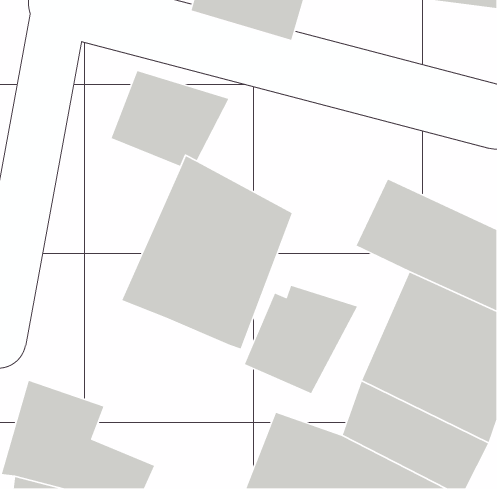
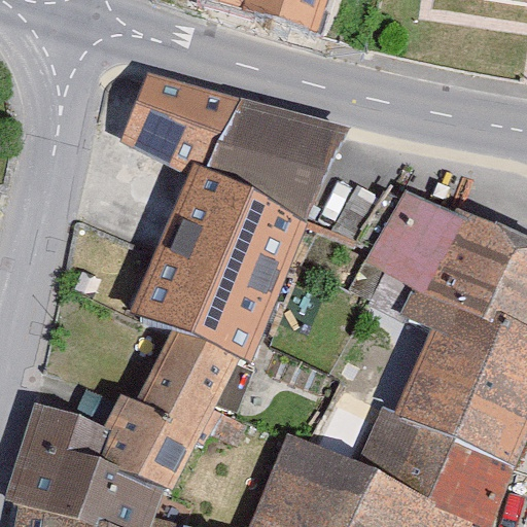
building: none -> [208,104,353,224]
building: [244,285,358,394] -> none
building: none -> [97,336,242,491]

